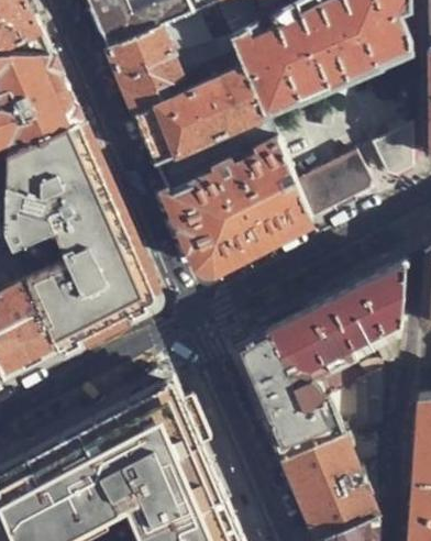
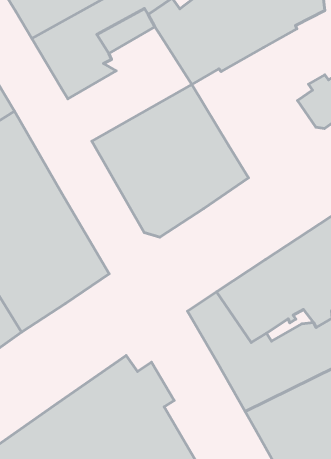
building: [135,57,264,161] -> none
building: [295,151,371,217] -> none

